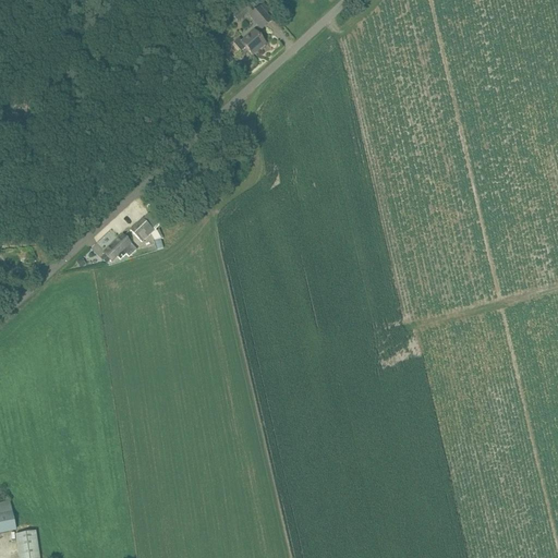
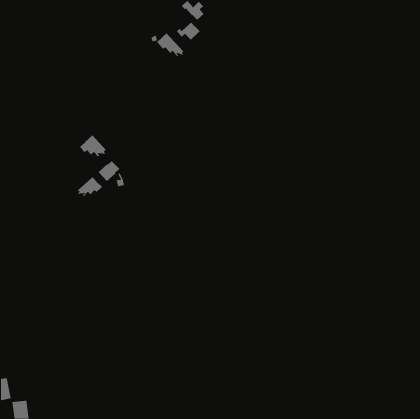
building: none -> [156,32,185,57]
building: none -> [79,134,107,157]

